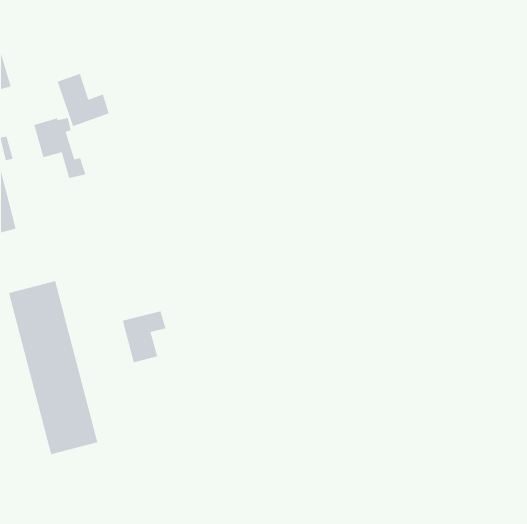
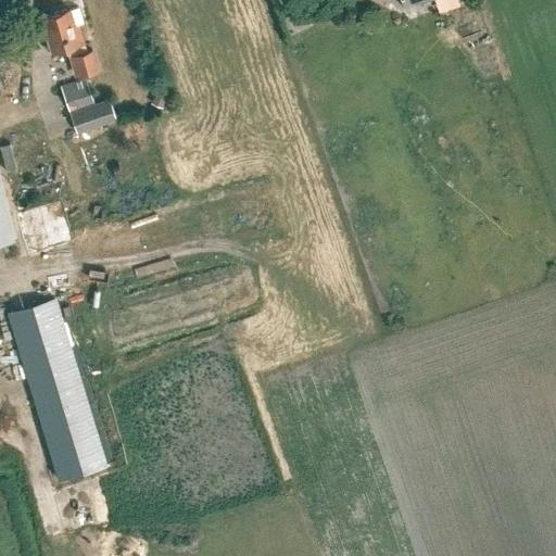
building: [33,118,86,179] -> [43,12,99,76]
building: [122,311,166,363] -> none

